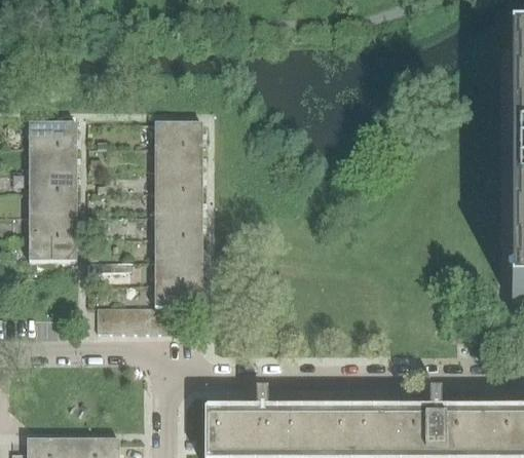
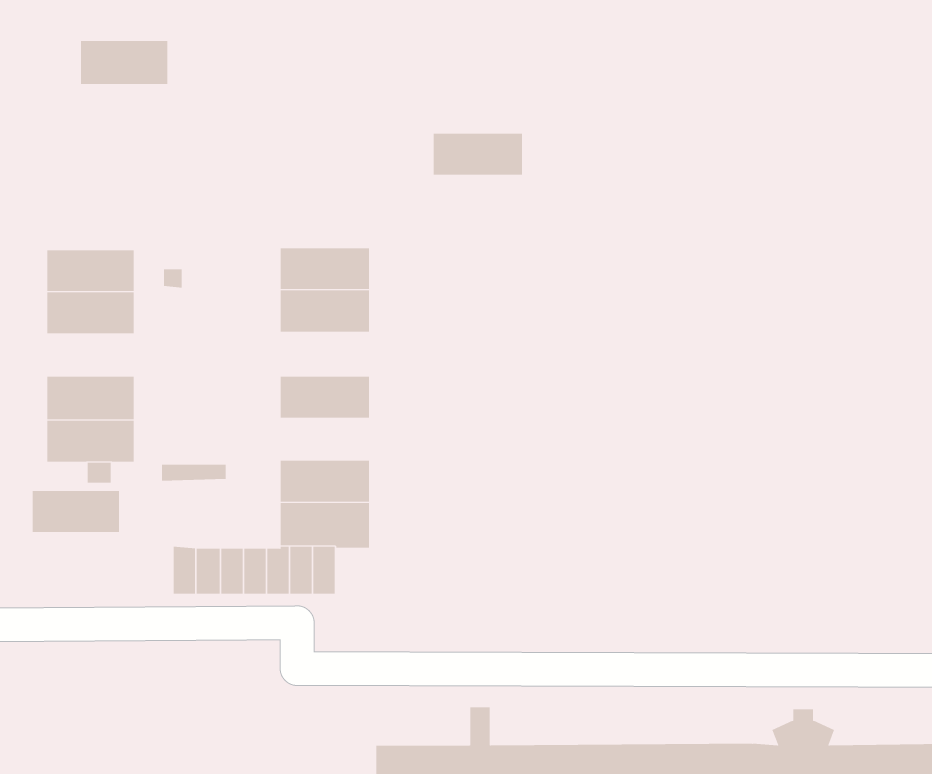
building: [30,123,77,147] -> [80,41,168,85]
building: [155,123,203,146] -> [433,133,523,175]
building: [155,191,203,215] -> none
building: [30,192,77,215] -> [32,490,120,532]
building: [155,237,203,260] -> none

